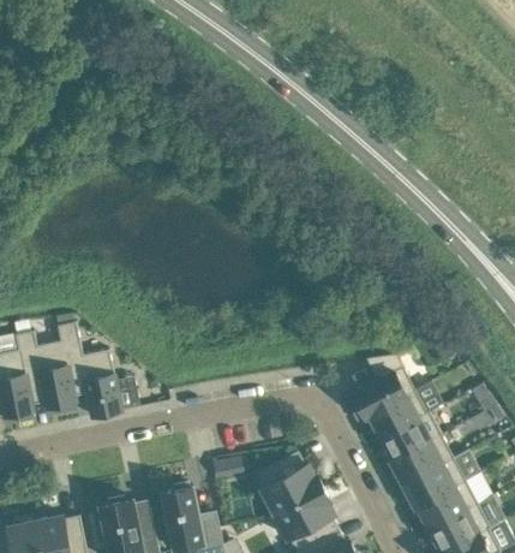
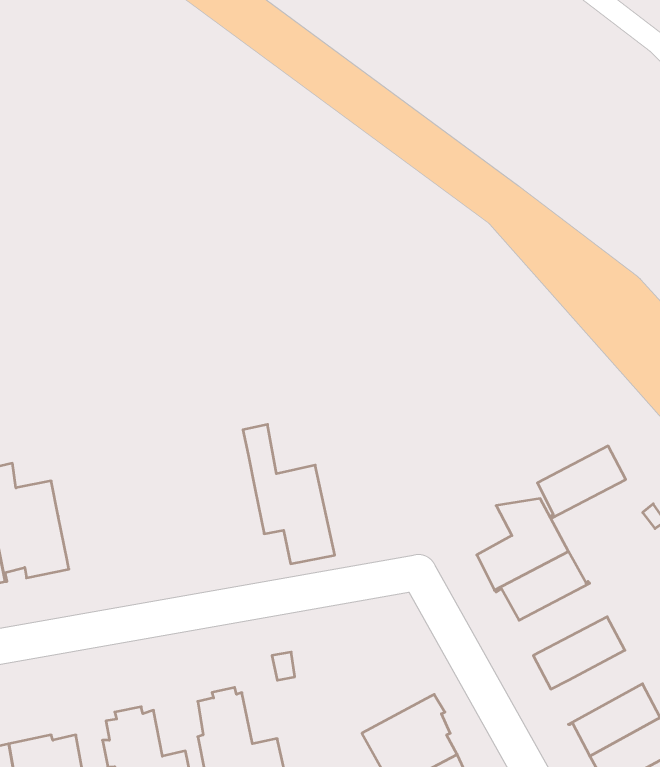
building: [59,323,121,418] -> [243,424,335,564]
building: [381,414,441,463] -> [537,446,626,518]
building: [254,452,323,516] -> none
building: [402,459,465,510] -> none

